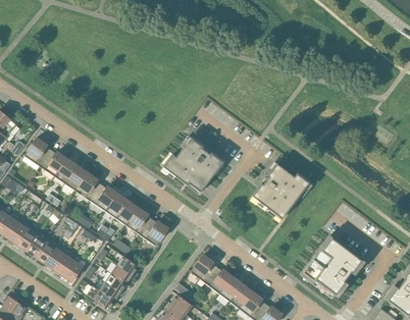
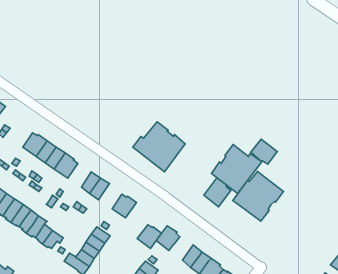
building: [24,138,51,166] -> none
building: none -> [251,139,277,164]
building: [91,184,117,211] -> none
building: none -> [204,178,231,207]
building: [125,207,152,235] -> none
building: [305,237,362,294] -> [233,172,284,221]
building: [205,267,233,294] -> [137,225,161,248]

